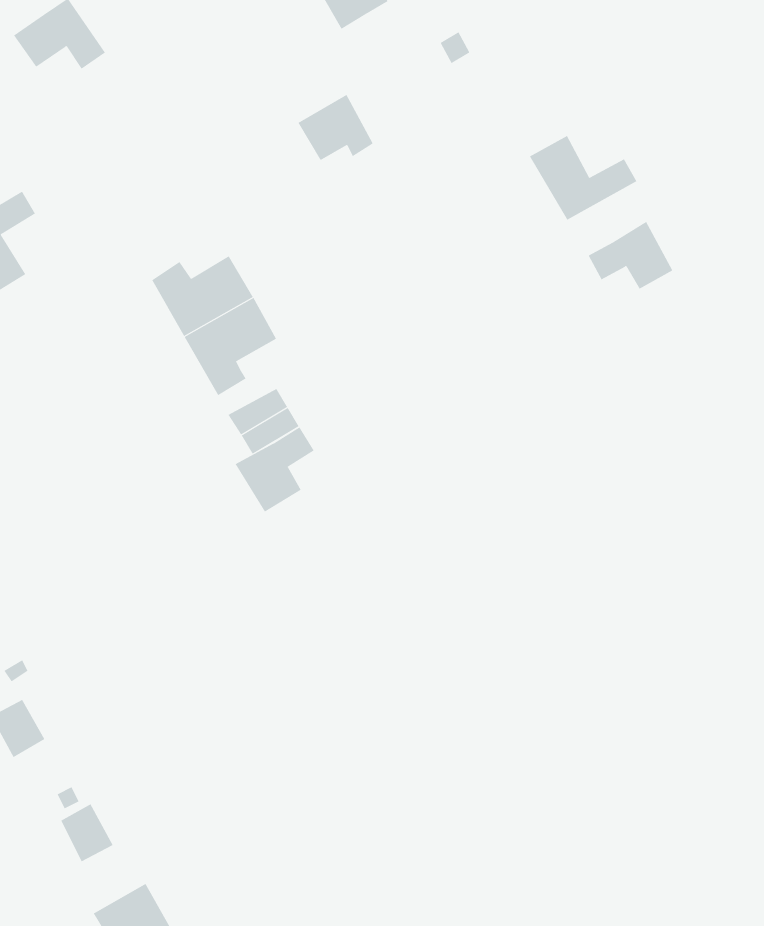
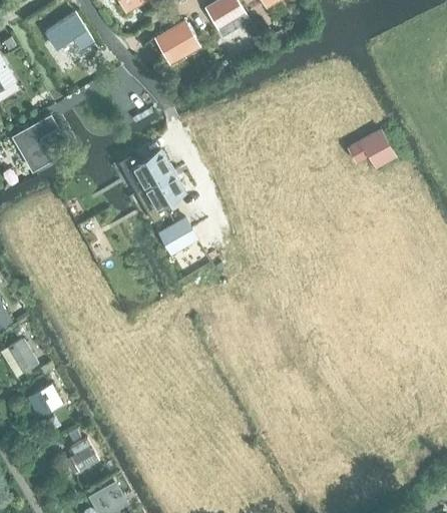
building: [297,94,373,161] -> [155,23,195,58]
building: [529,135,637,221] -> none
building: [235,427,315,512] -> none

